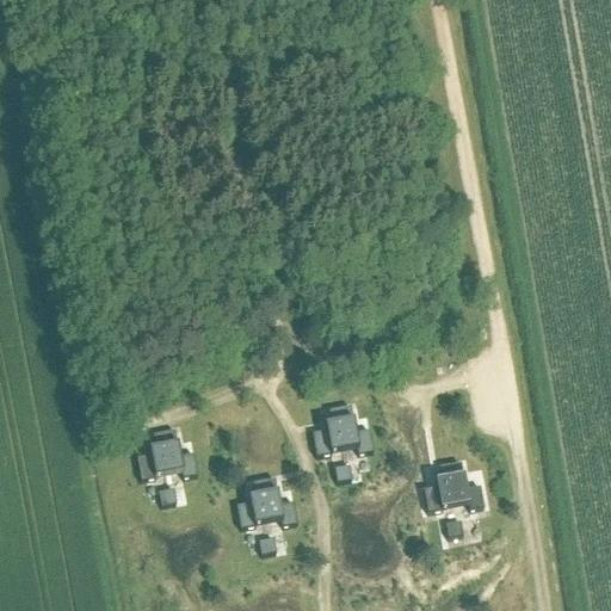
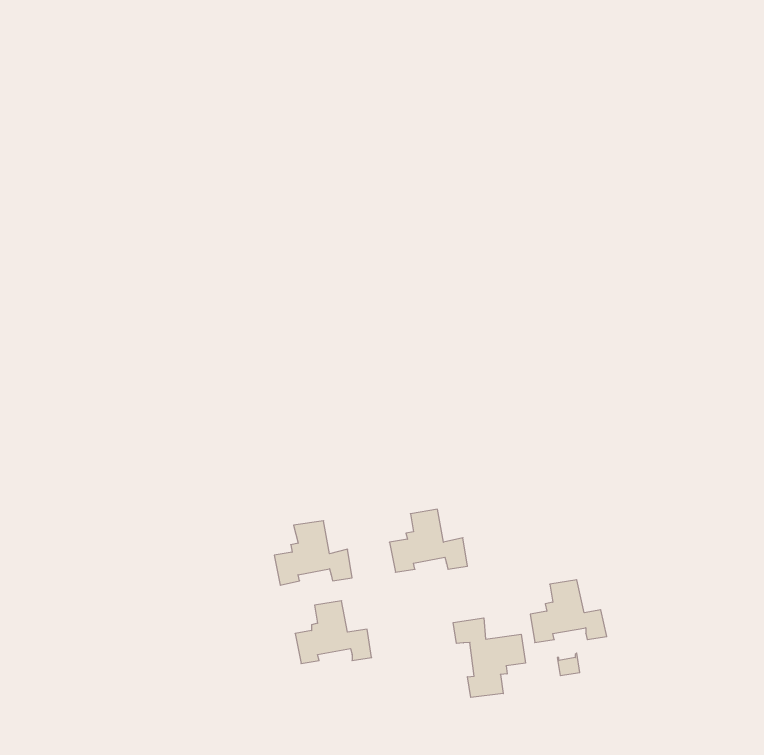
building: [136,430,198,481] -> [274,521,352,585]
building: none -> [453,618,525,697]

